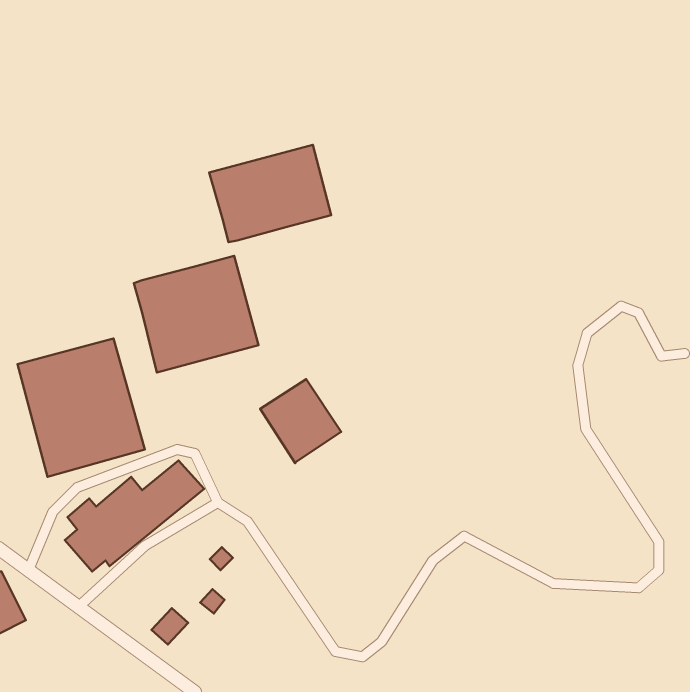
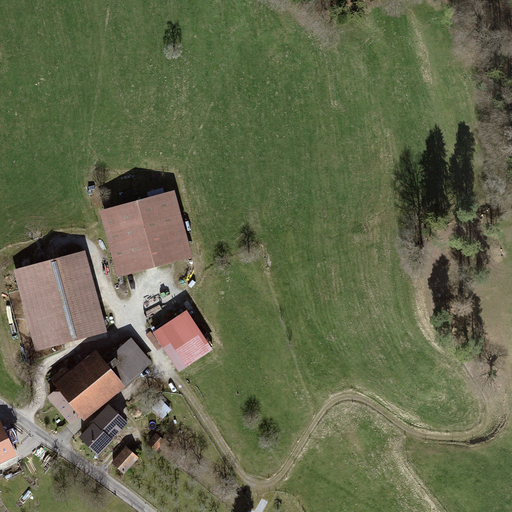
building: [209,145,331,242] -> none
building: [260,379,341,463] -> [152,310,212,372]
building: none -> [78,407,128,456]

